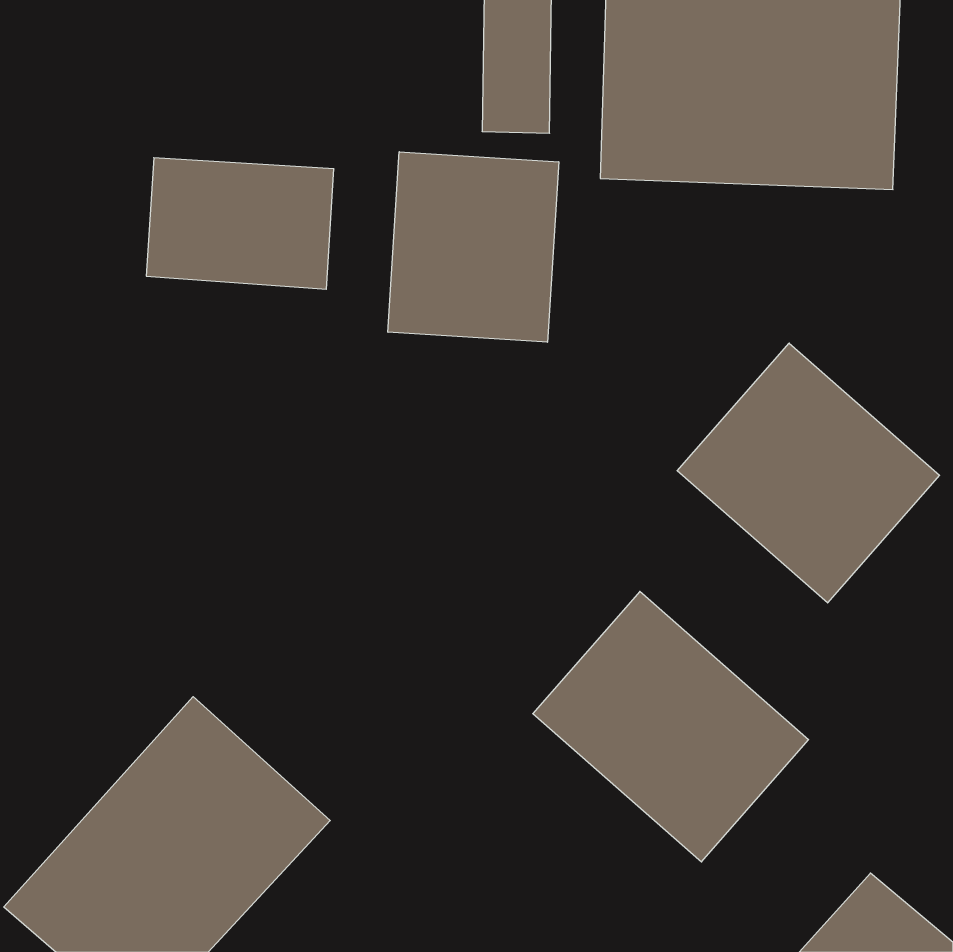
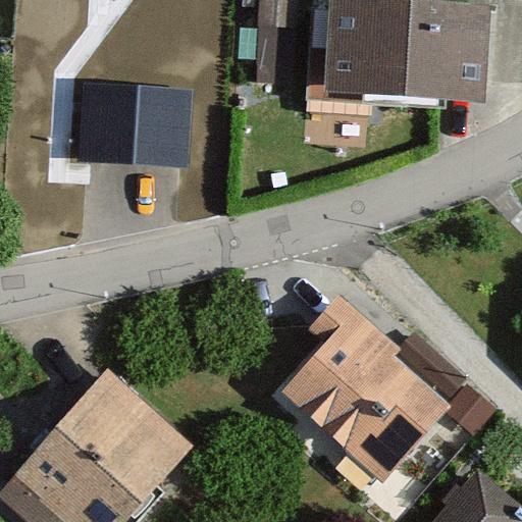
building: [388,152,559,342] -> none
building: [677,343,940,603] -> none

